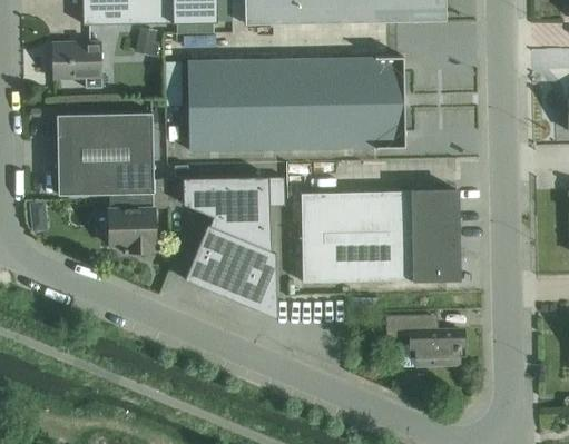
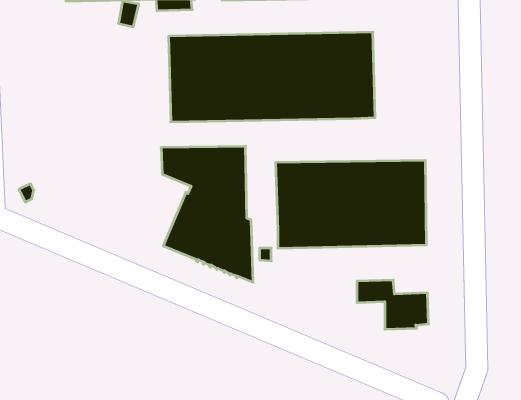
building: [51,43,101,80] -> none
building: [57,114,155,253] -> none

